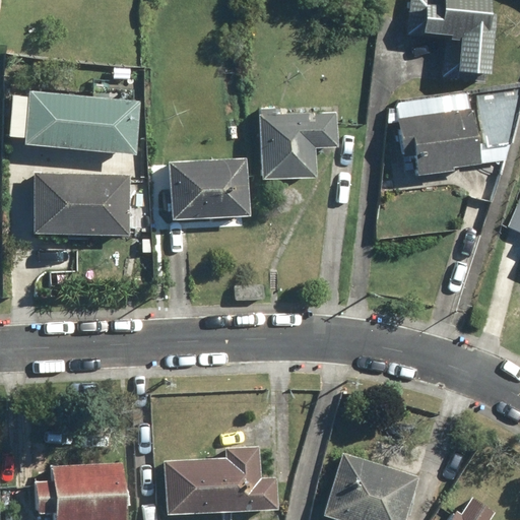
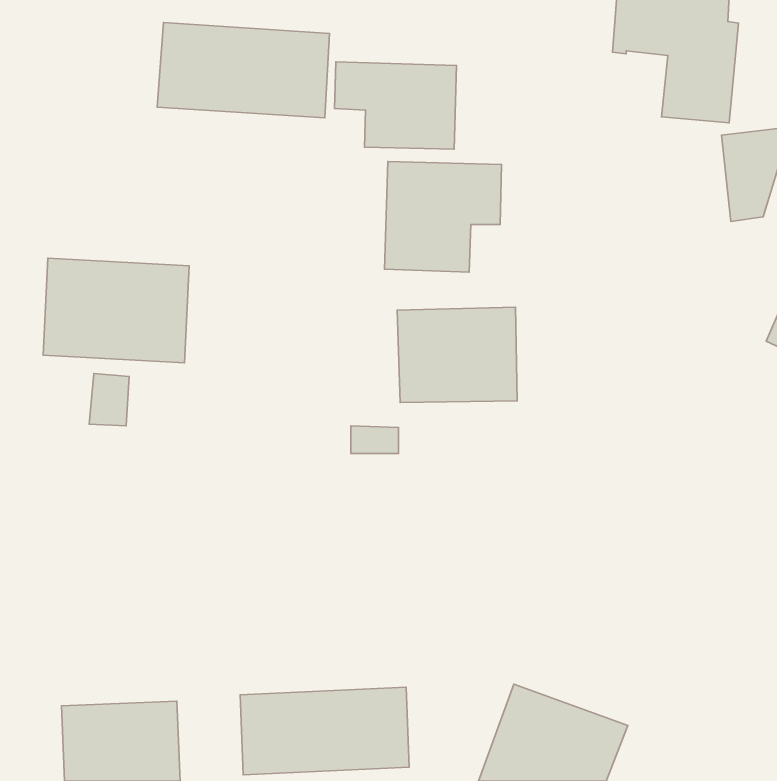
building: none -> [334,62,457,149]
building: [23,92,137,155] -> [157,23,330,118]
building: [396,92,478,178] -> none
building: [169,158,248,221] -> [397,307,517,402]

